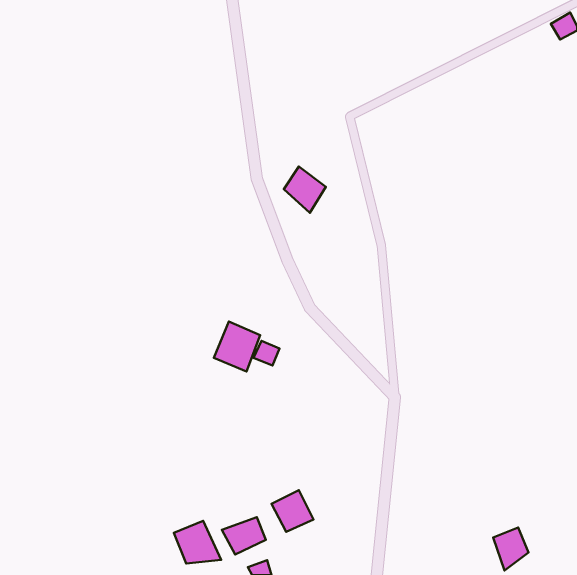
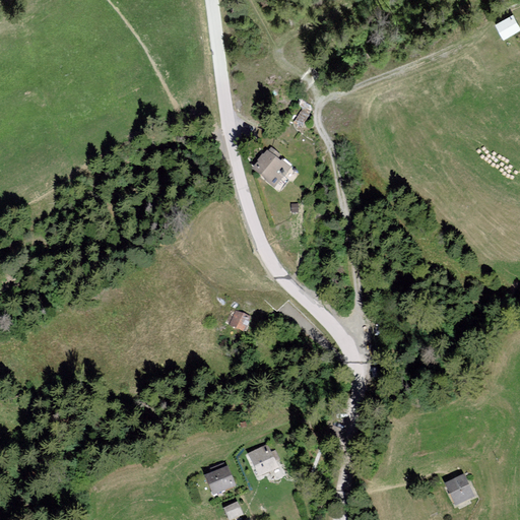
building: [214,322,260,371] -> none
building: [174,521,221,564] -> none

